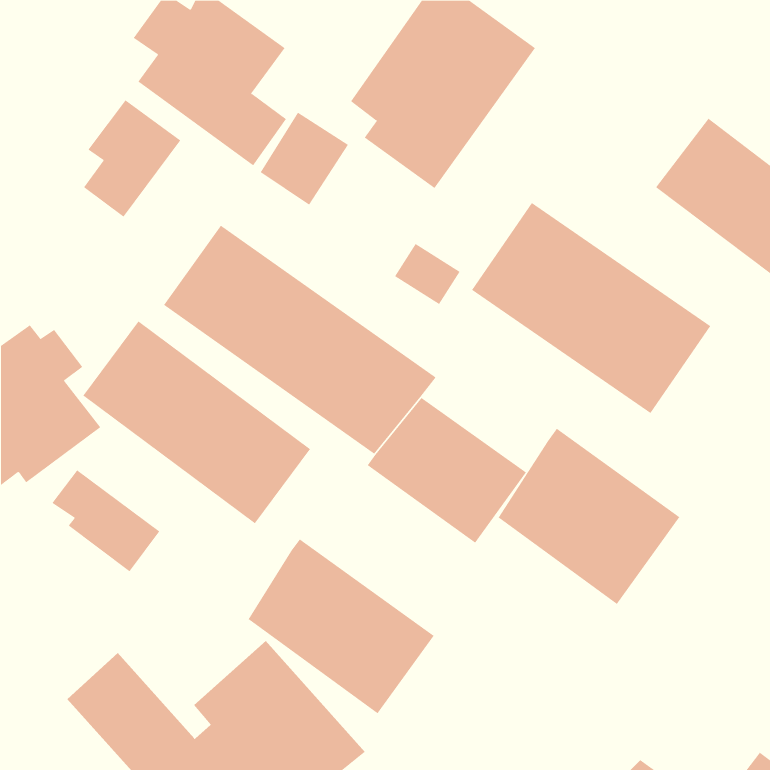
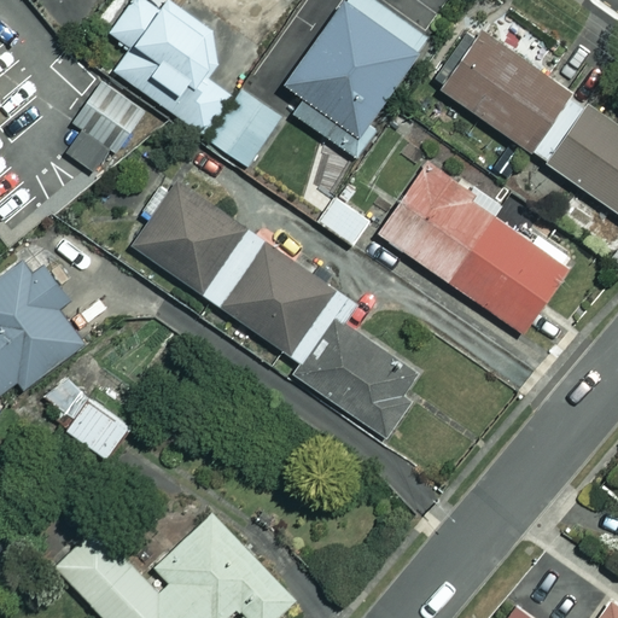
building: none -> [437,29,567,151]
building: [83,321,311,524] -> none
building: [498,428,680,605] -> none
building: [248,538,434,714] -> none

